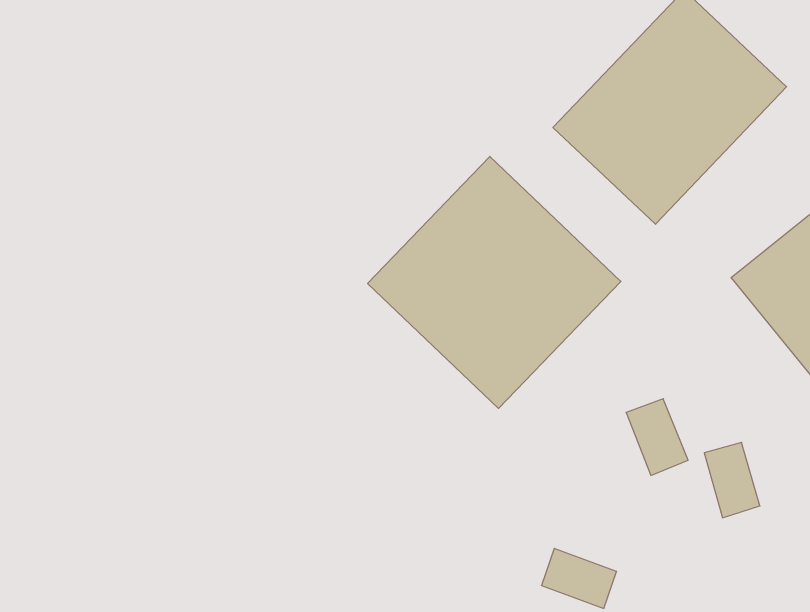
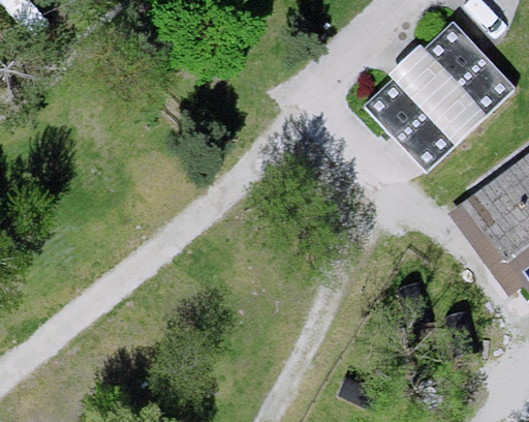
building: [368,156,621,408] -> none

